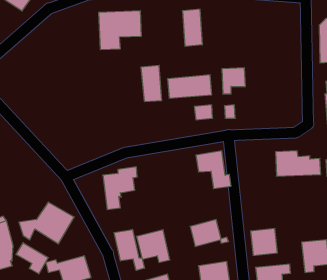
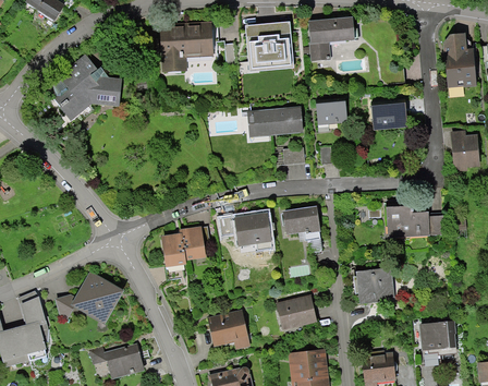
building: none -> [308,17,357,61]
building: none -> [47,56,122,121]
building: [141,65,162,101] -> [242,23,269,70]
building: none -> [369,99,408,123]
building: none -> [219,213,271,250]
building: [251,229,277,255] -> [357,267,392,302]
building: [114,229,145,270] -> none
building: [16,243,48,274] -> none

